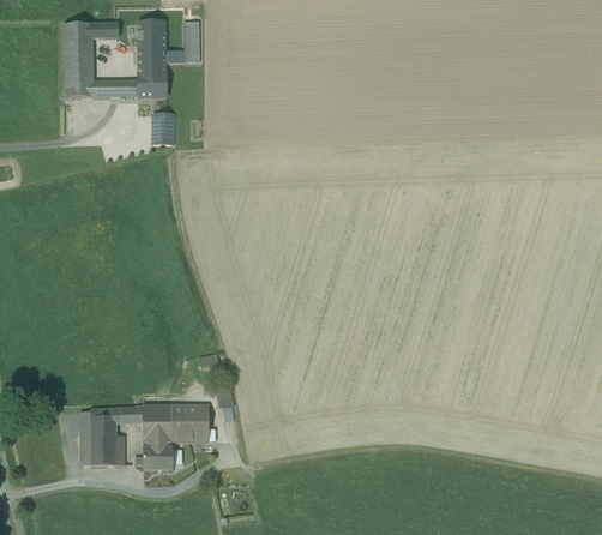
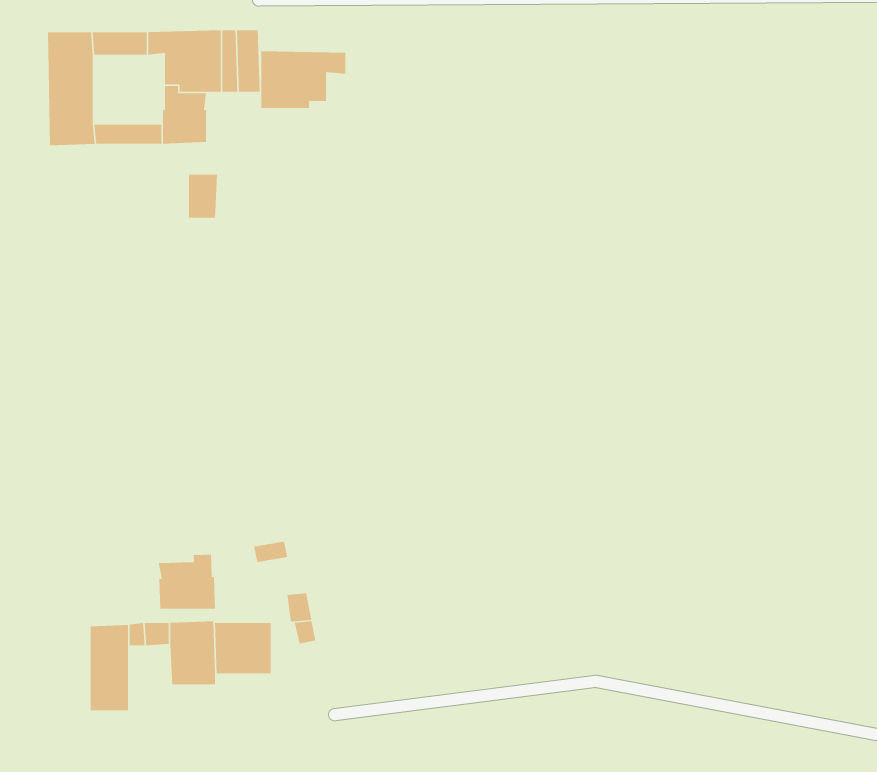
building: none -> [260,50,346,109]
building: none -> [158,554,216,609]
building: [142,446,171,468] -> none

